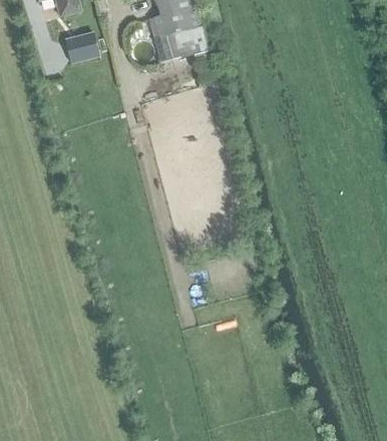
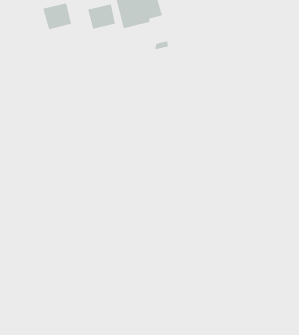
building: none -> [88,3,116,30]

